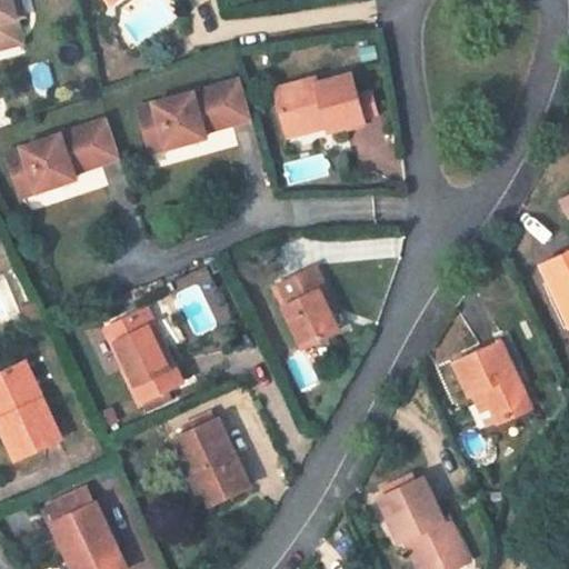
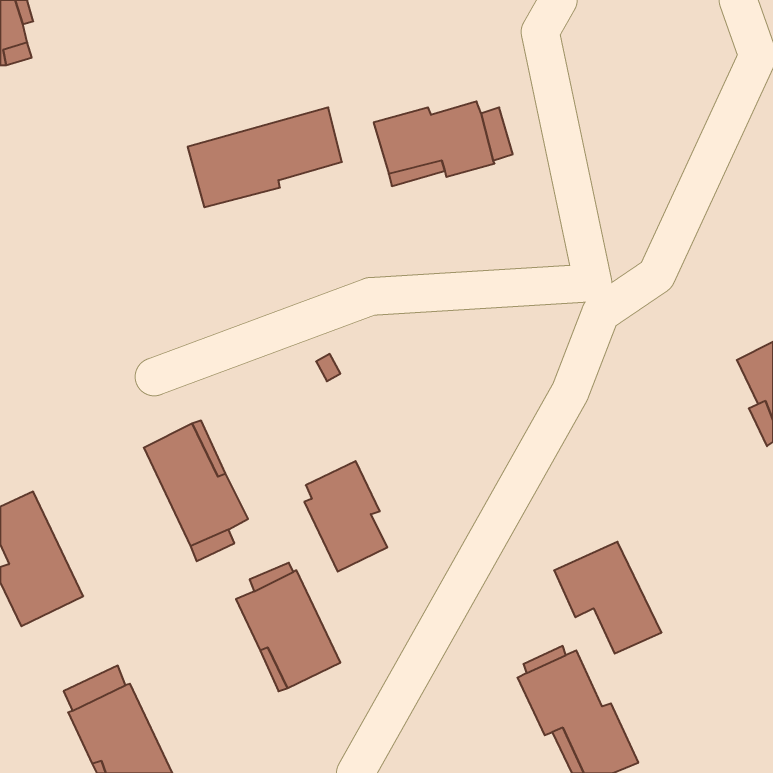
building: [7,119,120,198] -> none
building: [278,267,339,348] -> [304,461,387,572]
building: [453,341,532,423] -> [554,542,662,654]

